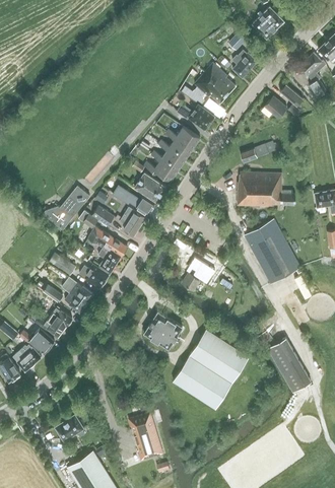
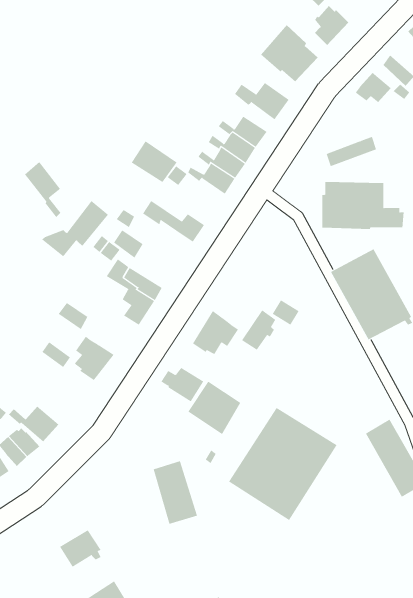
building: none -> [24,161,61,218]
building: [134,172,166,202] -> [131,141,177,183]
building: [120,207,145,236] -> none
building: none -> [192,310,239,355]
building: [79,264,110,288] -> [161,367,204,402]
building: [30,307,72,337] -> none
building: [130,414,161,459] -> [153,460,198,524]

